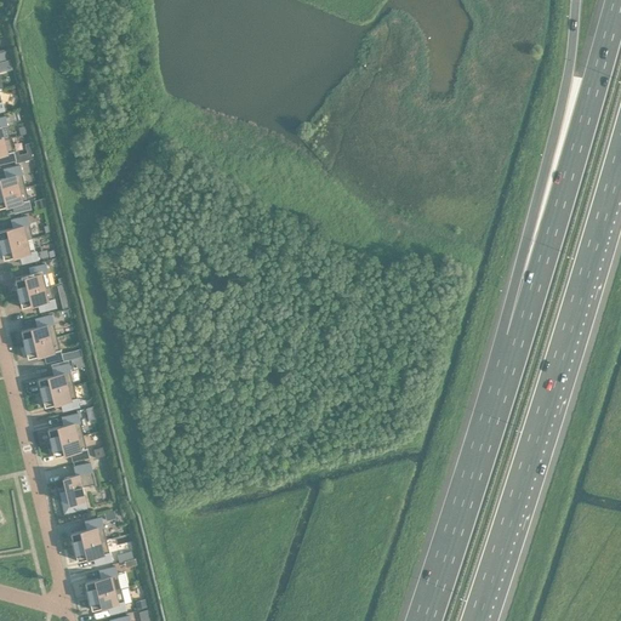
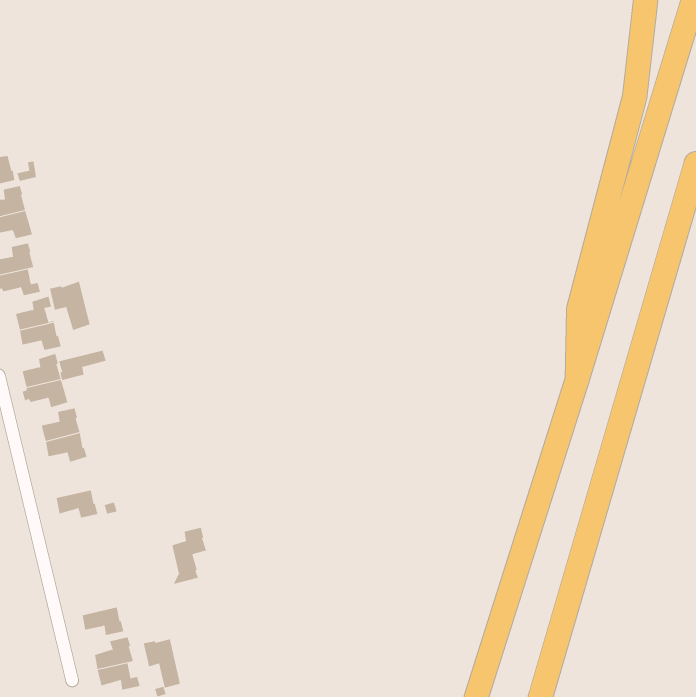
building: none -> [50,281,90,331]
building: none -> [58,350,107,381]
building: [46,412,81,443] -> none
building: [62,462,93,513] -> [171,527,207,585]
building: [69,517,104,547] -> none
building: none -> [143,638,180,688]

